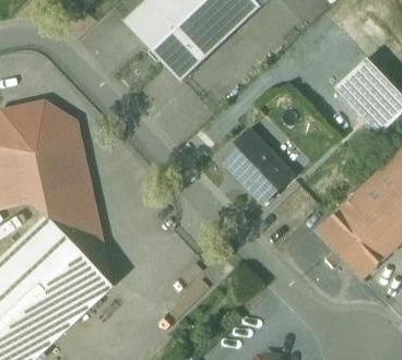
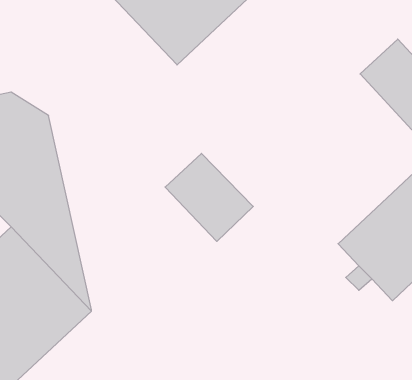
building: [218,129,293,203] -> [165,153,253,241]

